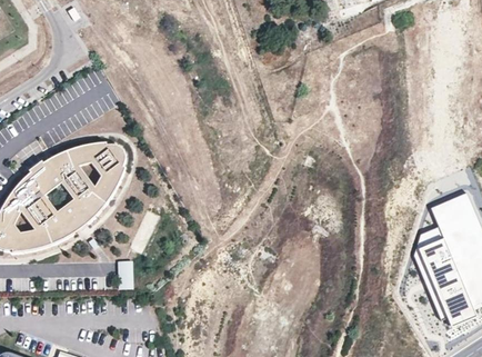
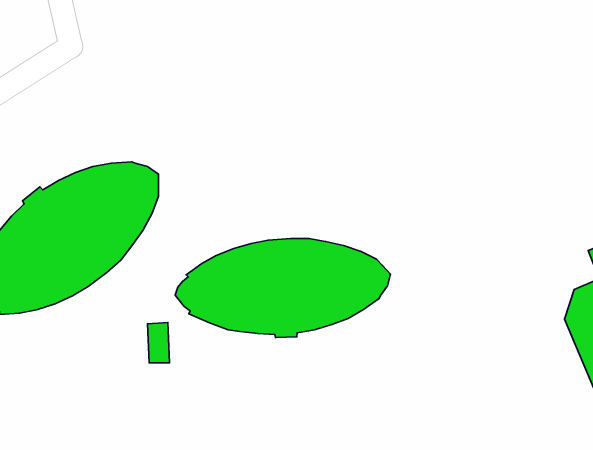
building: none -> [175,239,390,338]

